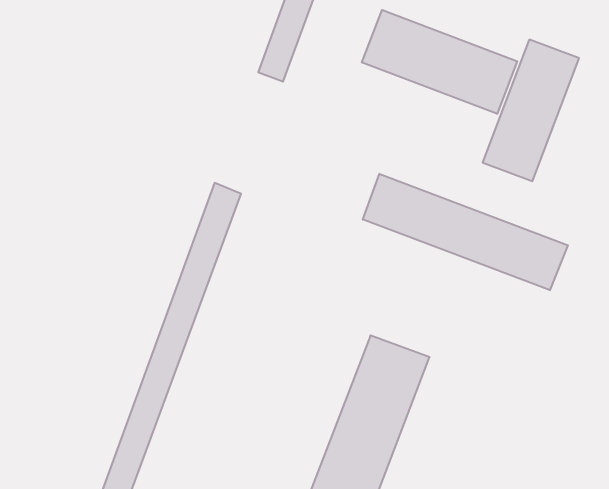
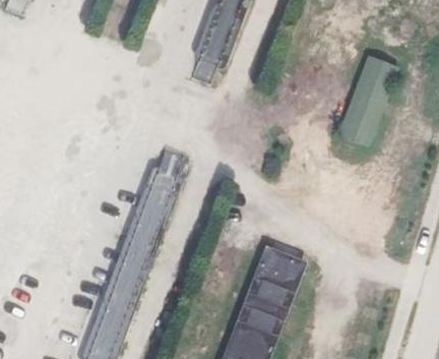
building: [362,10,517,114] -> none
building: [363,174,568,290] -> none

